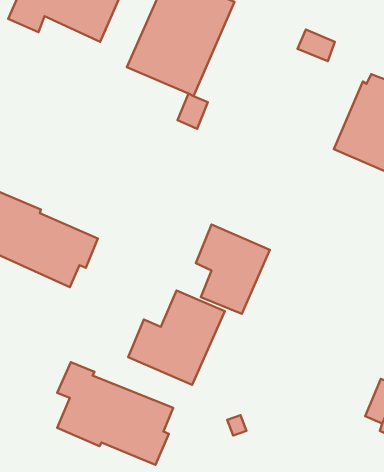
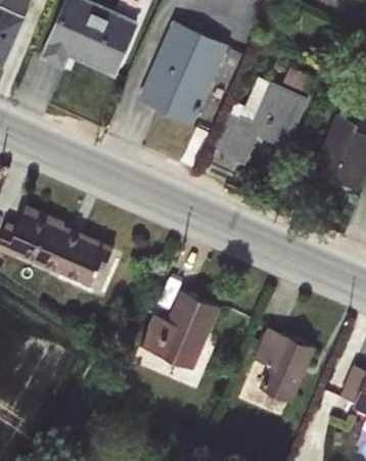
building: none -> [213,79,309,166]
building: [196,225,270,314] -> [254,326,316,402]
building: [57,362,173,465] -> none

